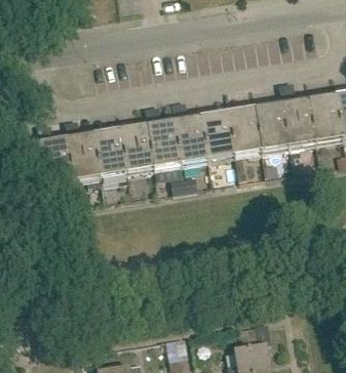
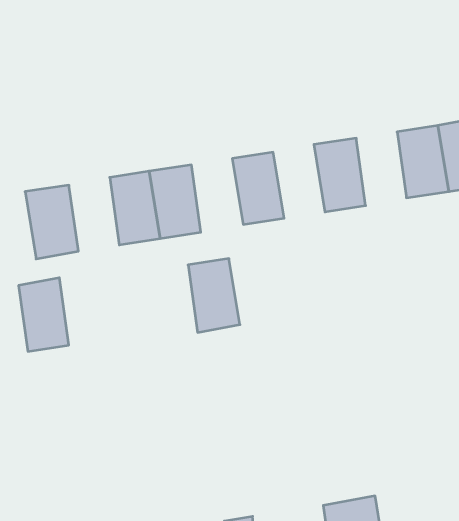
building: [254,103,286,152] -> none
building: [199,112,233,160] -> none
building: [146,121,180,169] -> [188,259,240,332]
building: [66,133,99,181] -> [19,278,69,351]

